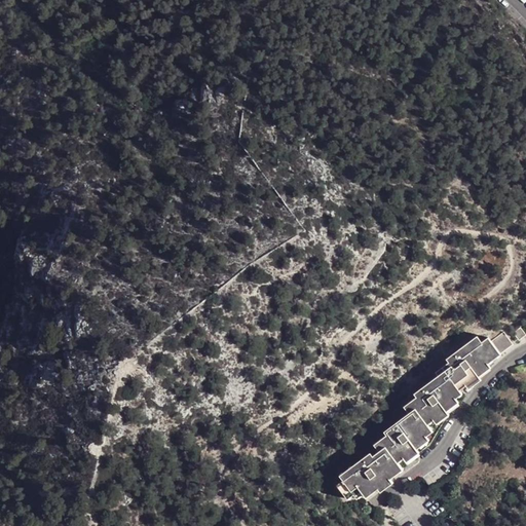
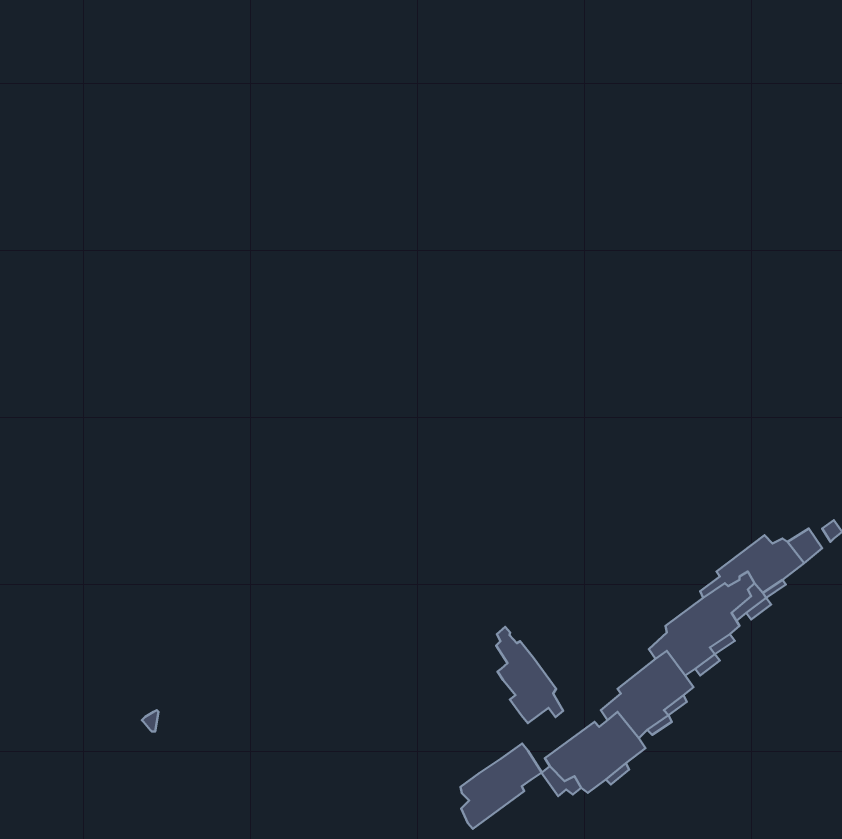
building: none -> [496,627,563,723]
building: none -> [460,743,542,829]

